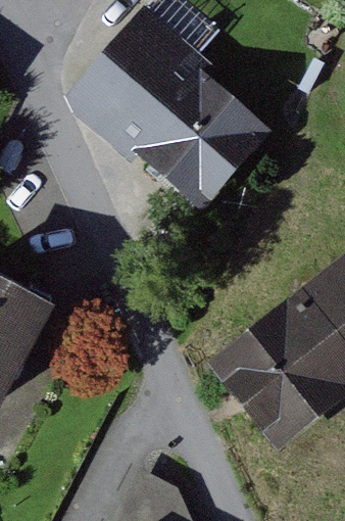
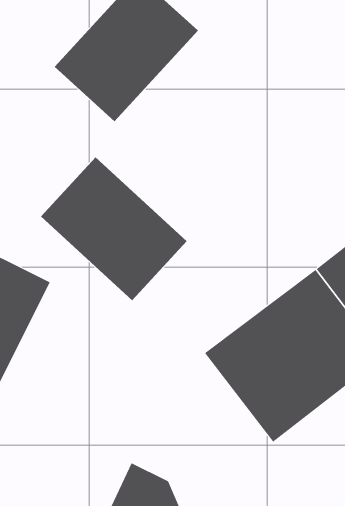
building: [126,65,267,209] -> none
building: none -> [40,157,188,301]

